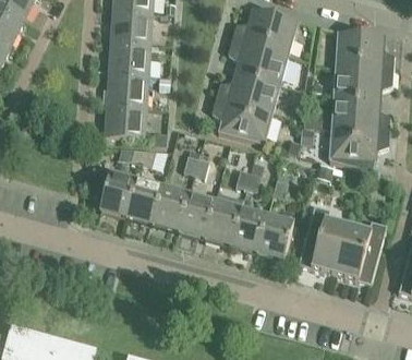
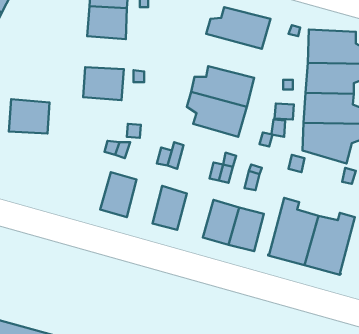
building: [230,38,290,83] -> none
building: [110,40,158,74] -> none
building: [106,103,147,137] -> [9,99,50,134]
building: [99,172,136,217] -> none
building: [153,187,189,231] -> none
building: [204,201,241,245] -> none

